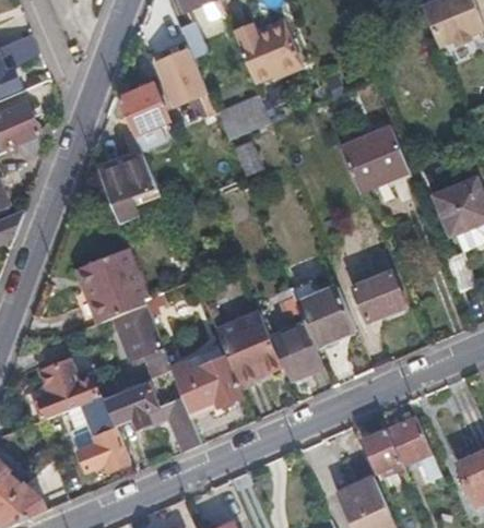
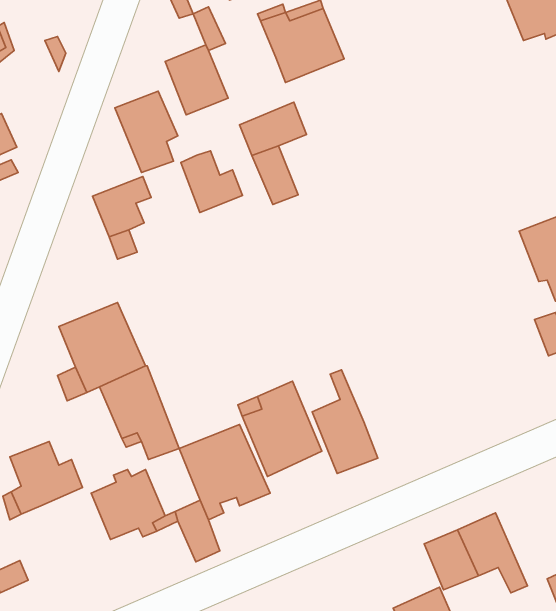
building: [341,125,406,185] -> none
building: none -> [181,151,243,213]
building: [354,274,406,326] -> none
building: [288,278,354,343] -> none
building: [61,393,129,471] -> none

